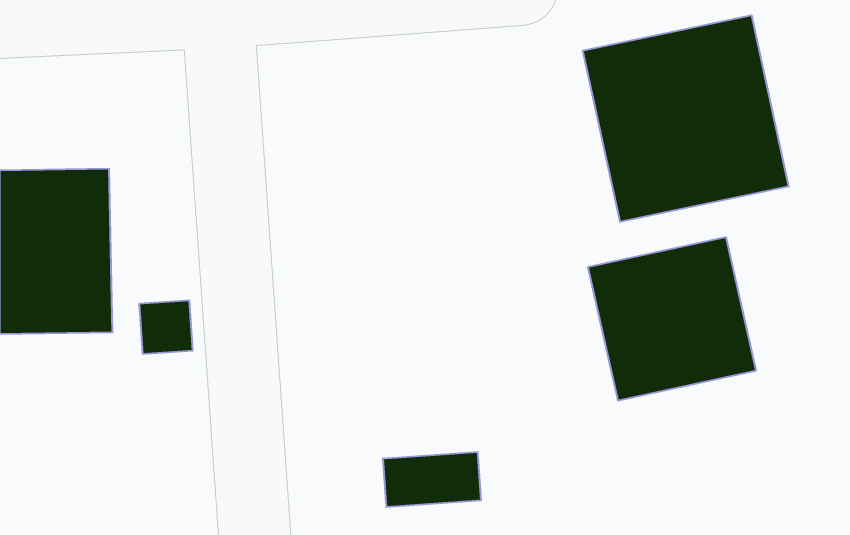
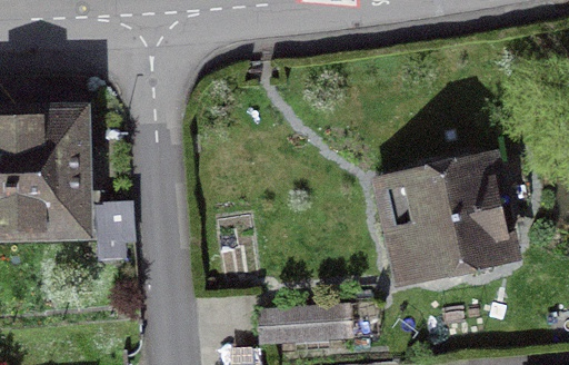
building: [583,15,789,222] -> none

